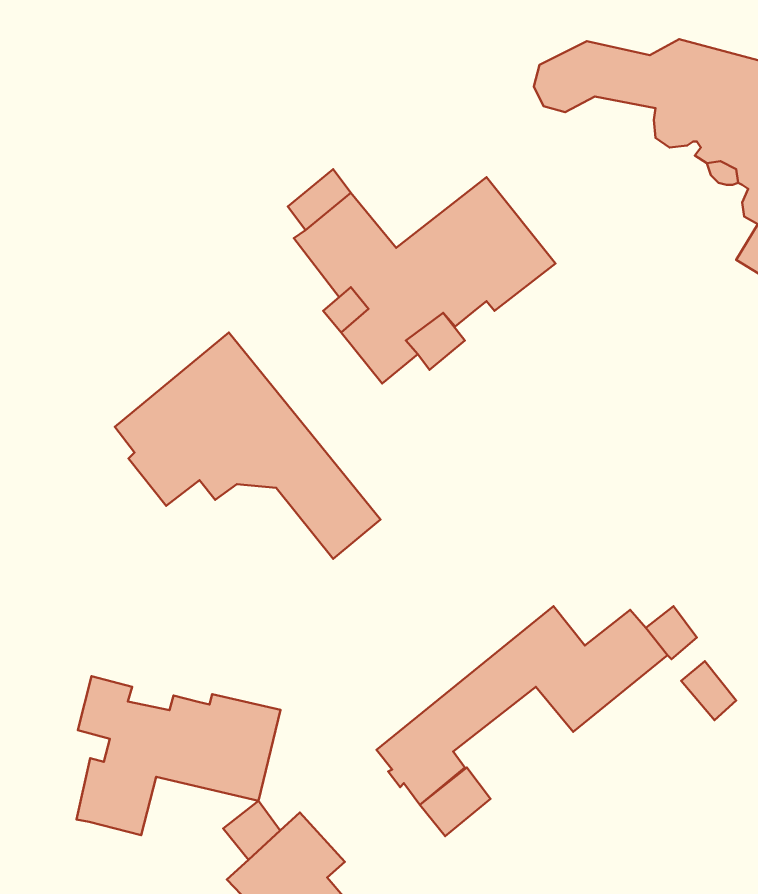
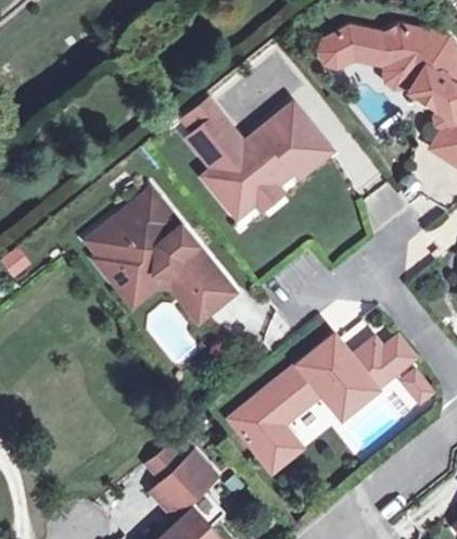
building: none -> [116,270,208,319]
building: [76,676,281,835] -> none

